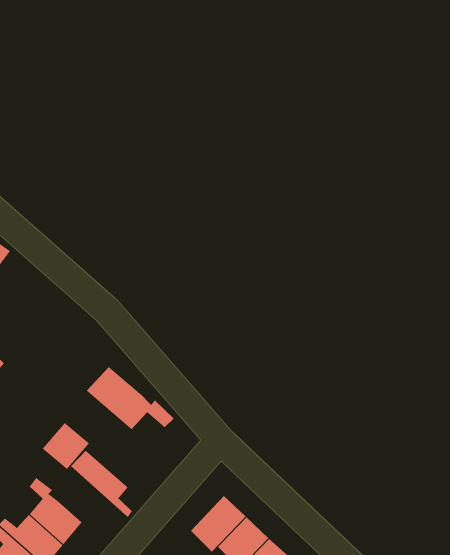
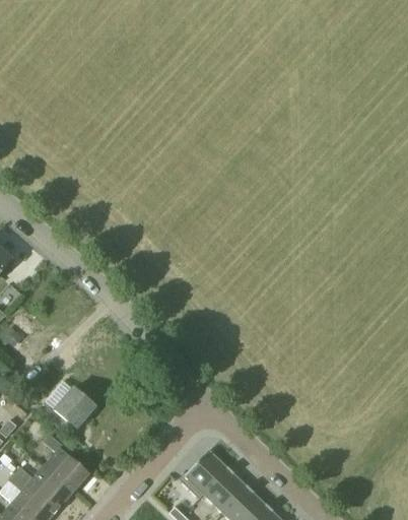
building: [86,366,175,430] -> none
building: [70,450,133,518] -> none

